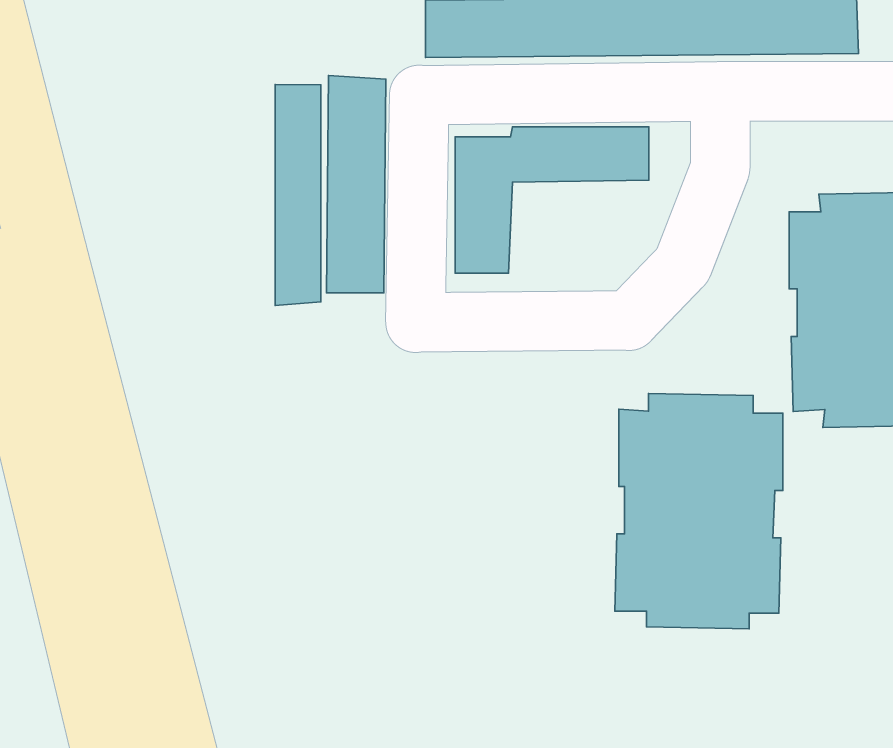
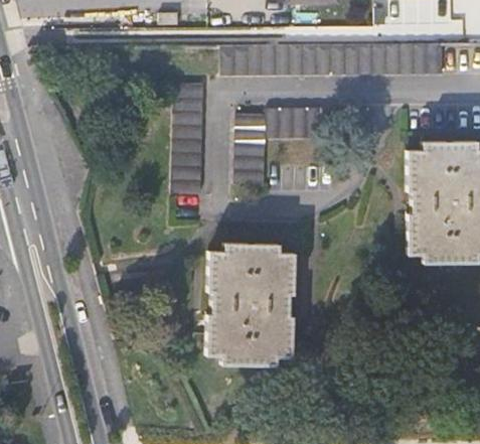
building: [275,84,321,305] -> none
building: [615,393,783,629] -> [207,244,293,363]

